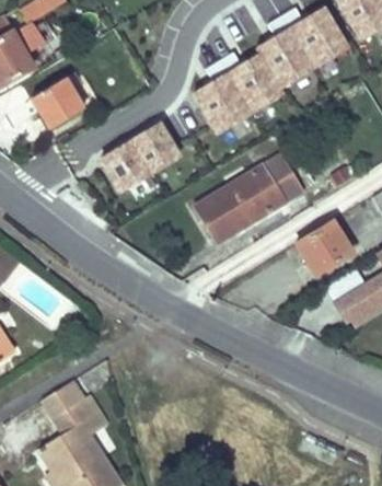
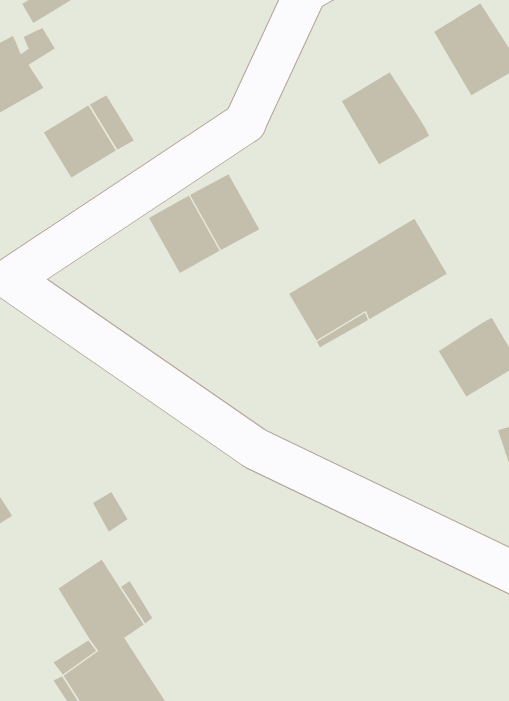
building: [259,28,316,91] -> none
building: [197,74,255,137] -> none

